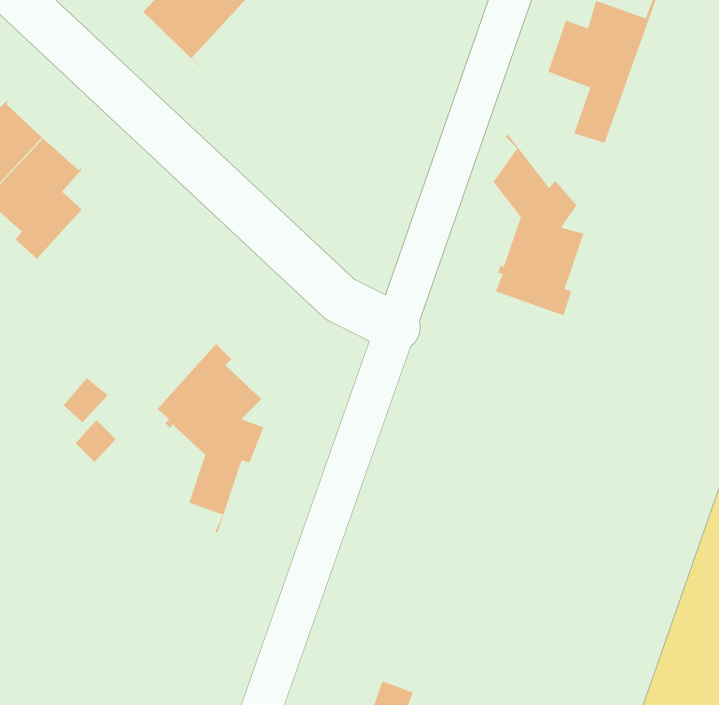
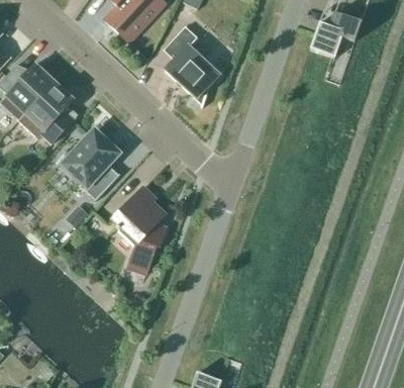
building: none -> [164,25,219,107]
building: [493,134,584,316] -> none
building: none -> [64,130,119,199]

